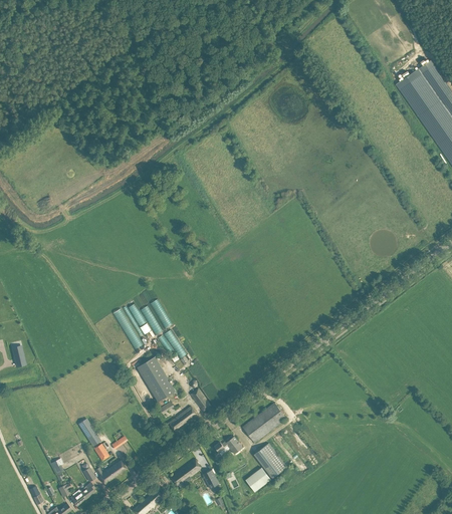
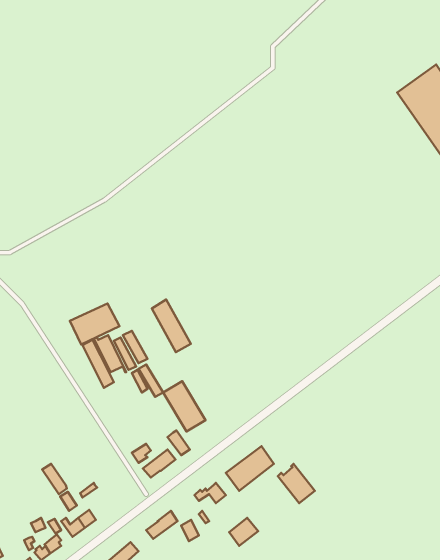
building: none -> [152,299,191,352]
building: none -> [70,303,119,345]
building: [137,356,175,402] -> [163,381,206,432]
building: [253,443,286,478] -> [278,464,315,503]

